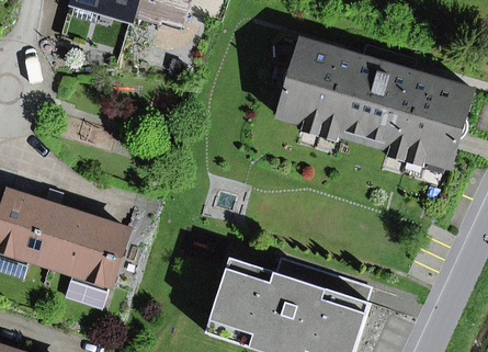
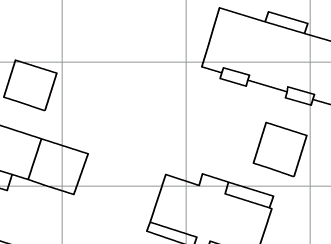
building: none -> [4,60,57,110]
building: none -> [253,122,307,176]
building: [64,272,109,308] -> none

